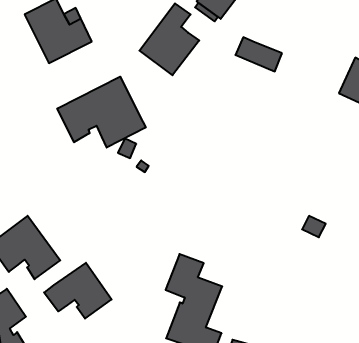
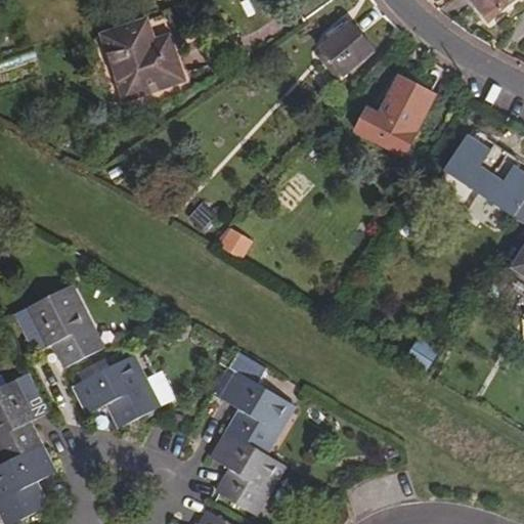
building: [139,3,199,75] -> none
building: none -> [382,77,437,131]
building: none -> [442,137,507,192]
building: [57,77,146,148] -> none

